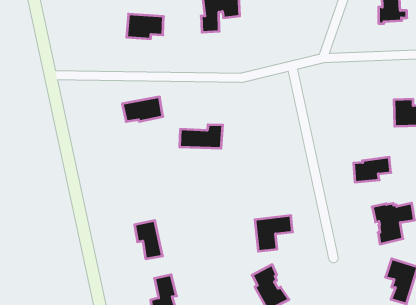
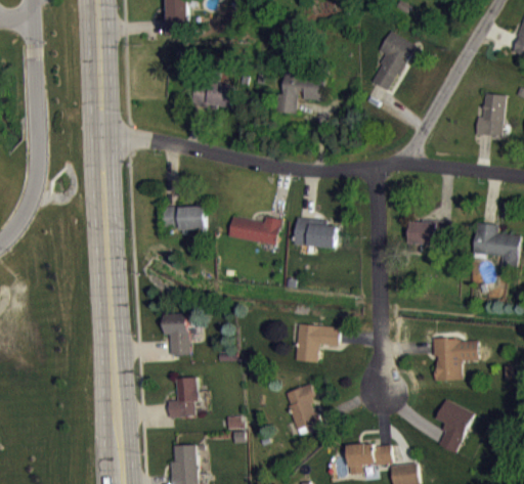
building: [122,97,163,122] -> [164,206,207,229]
building: none -> [294,217,336,247]
building: [354,157,391,182] -> [407,220,450,245]

